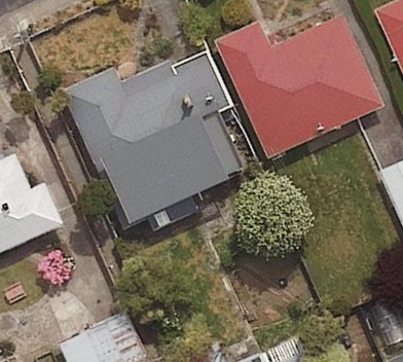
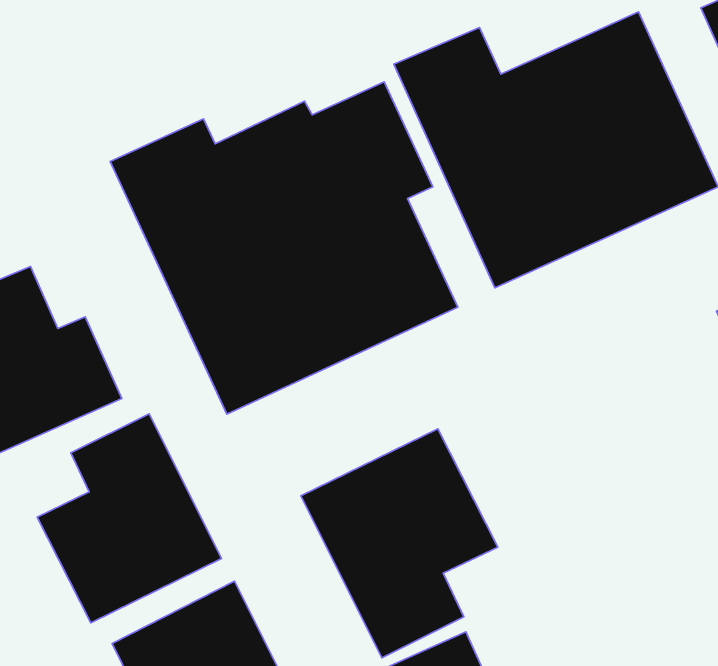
building: none -> [37,414,221,623]
building: none -> [301,429,498,658]

